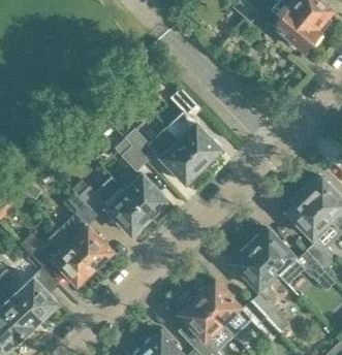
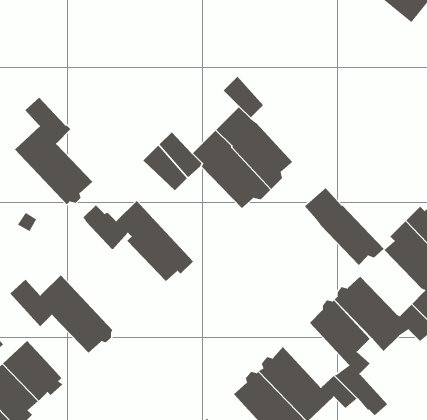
building: none -> [304,187,385,266]
building: [122,171,167,220] -> none
building: [57,192,113,268] -> [14,97,93,205]

